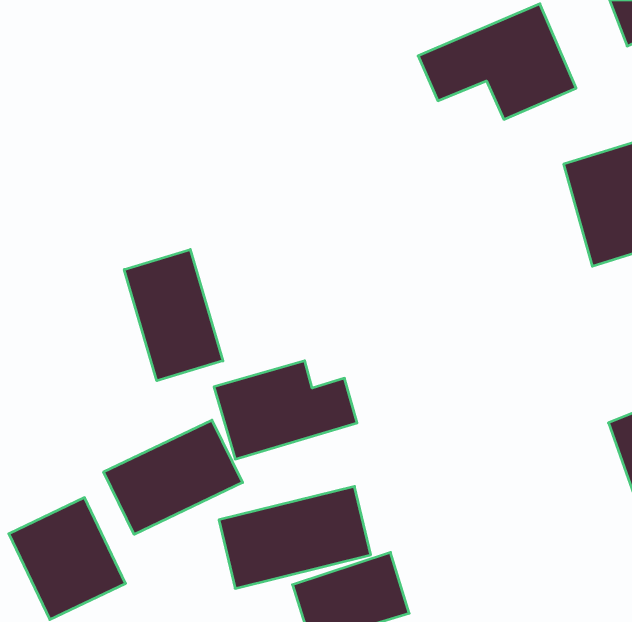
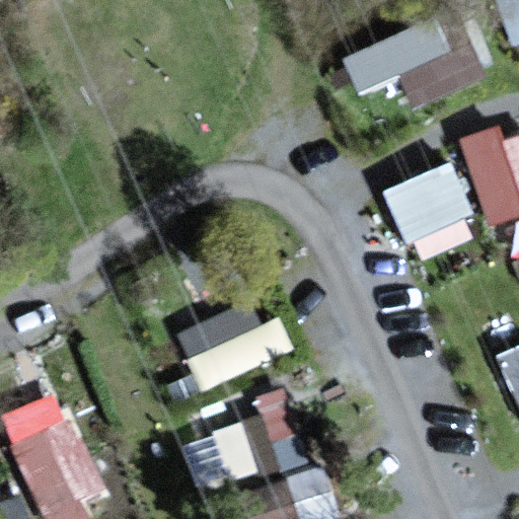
building: none -> [385,162,477,250]
building: [124,249,223,381] -> none
building: [104,420,243,534] -> none

